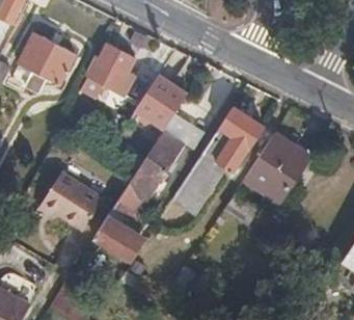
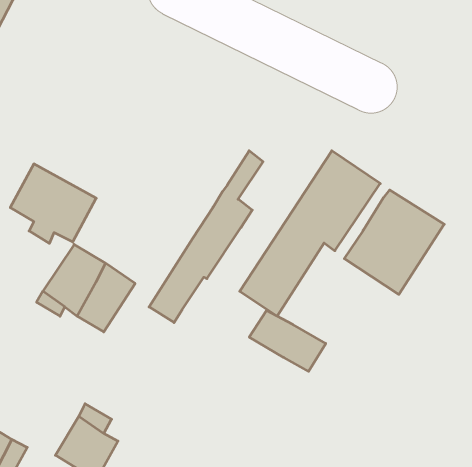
building: [18,34,75,87] -> [10,164,96,243]
building: [91,43,135,80] -> none
building: [135,75,186,128] -> none
building: [93,219,144,260] -> [249,311,326,371]

